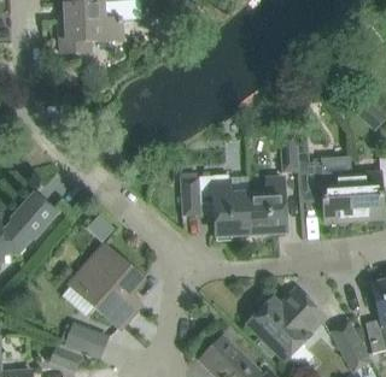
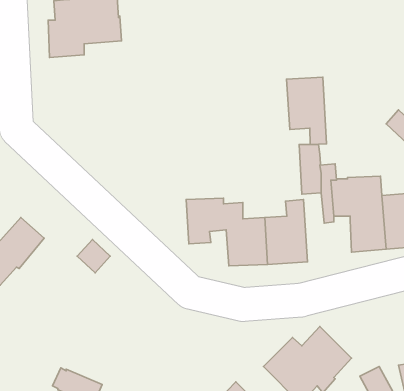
building: none -> [287,77,327,144]
building: [72,247,141,325] -> none

